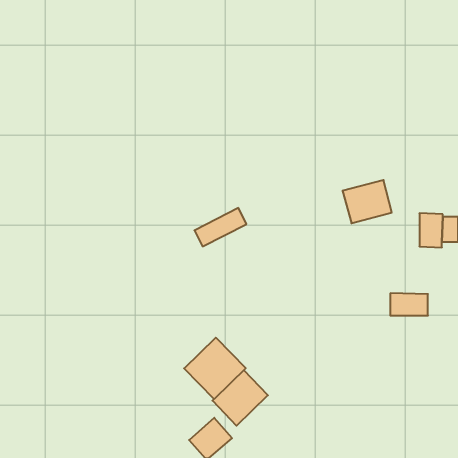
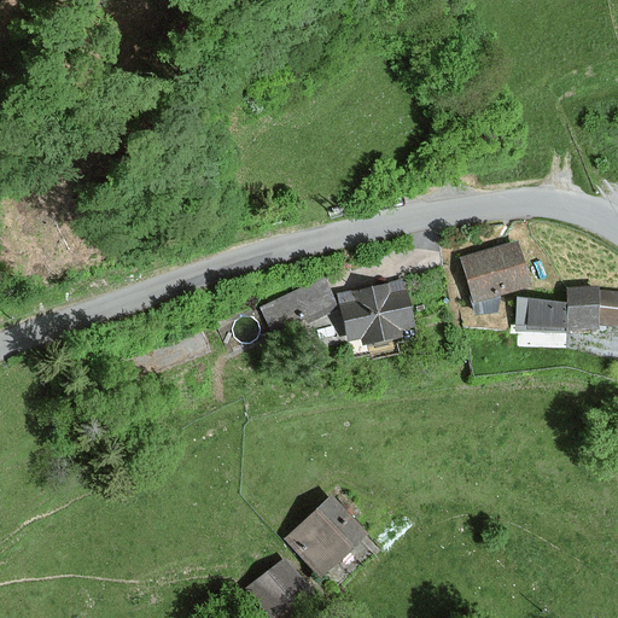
building: none -> [337,280,414,344]
building: [390,293,428,316] -> [514,302,565,332]
building: [184,338,246,399] -> none

